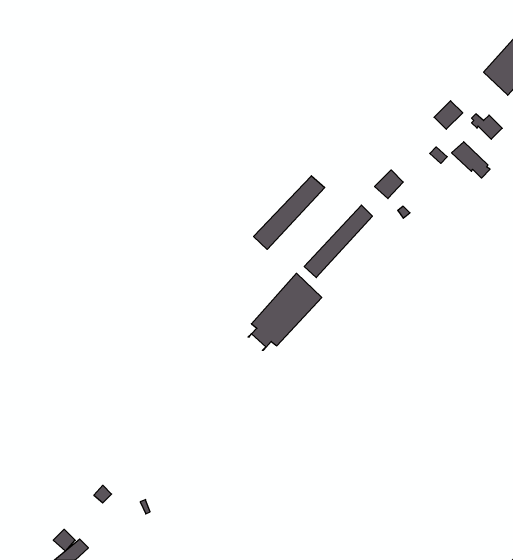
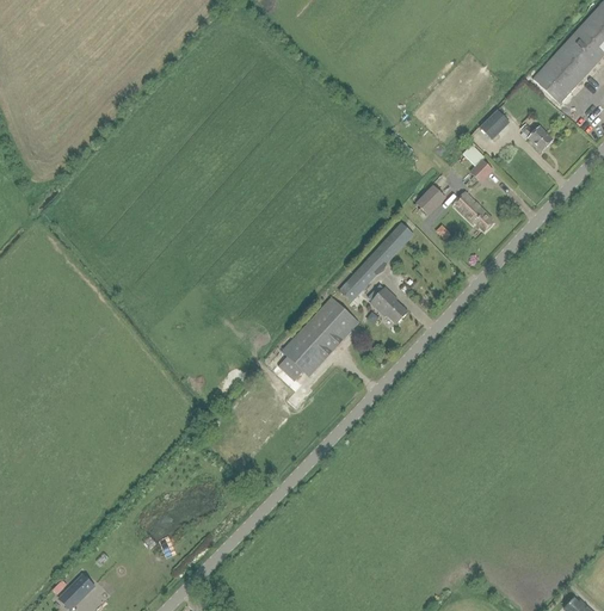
building: [452,142,490,178] -> [451,192,493,232]
building: [254,176,325,249] -> none
building: none -> [368,288,407,325]

